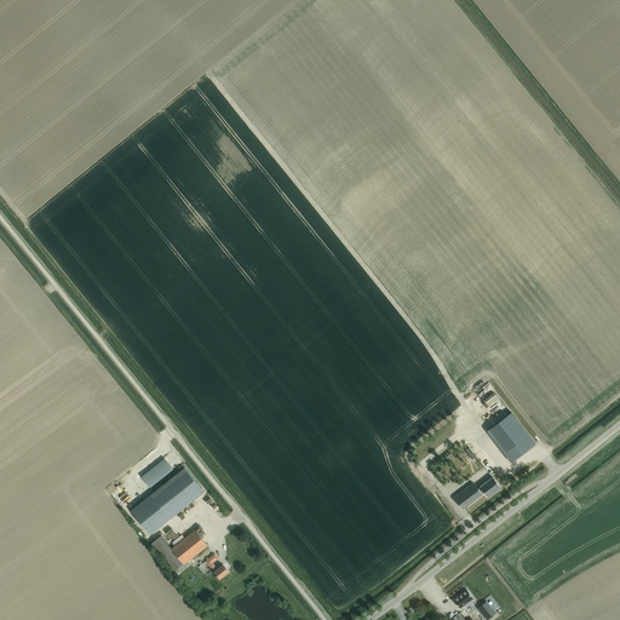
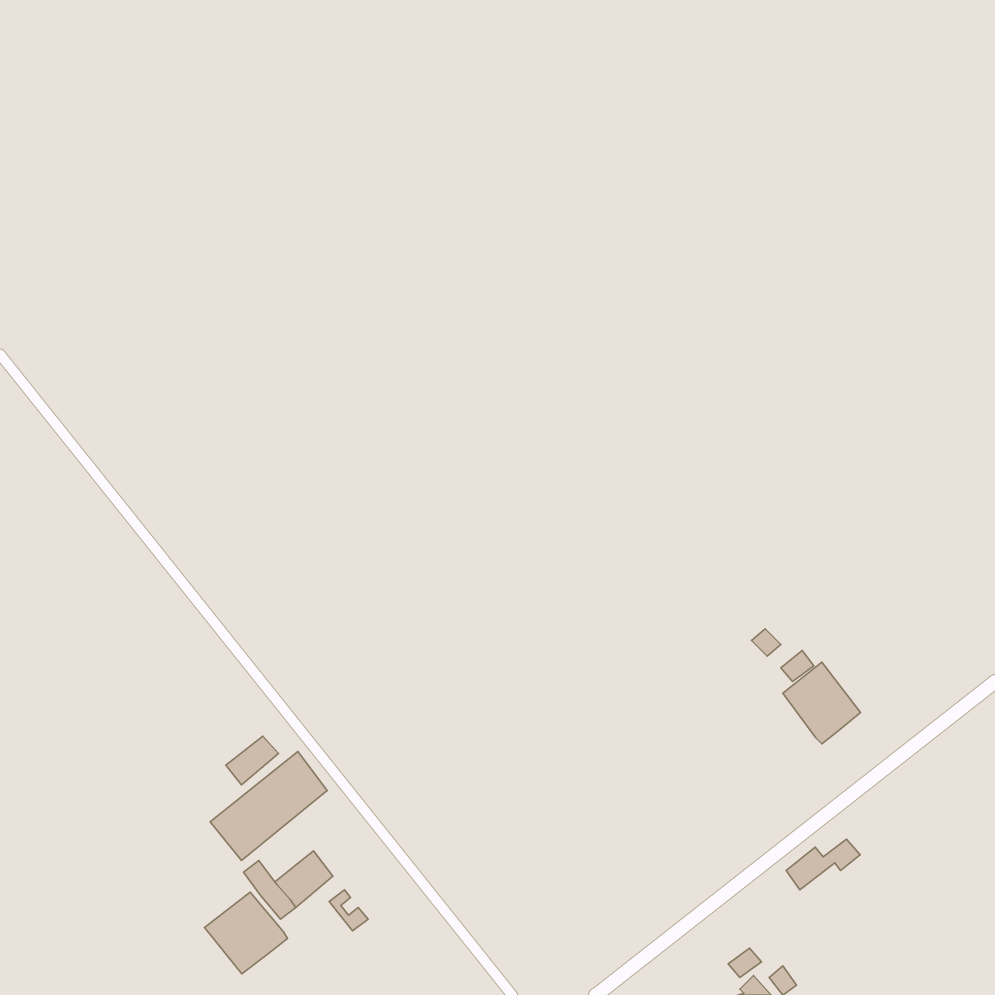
building: [454,477,500,509] -> [786,839,860,890]
building: none -> [204,892,287,974]

